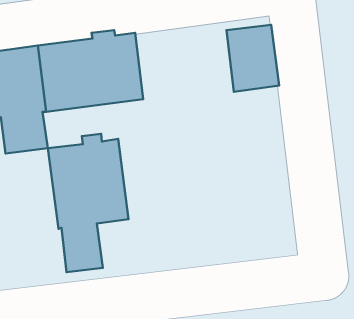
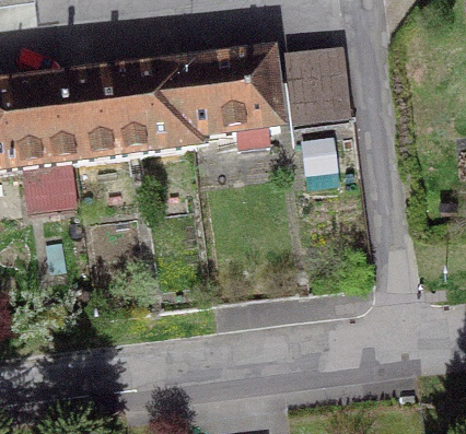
building: none -> [182,59,279,153]
building: [48,134,129,272] -> none

